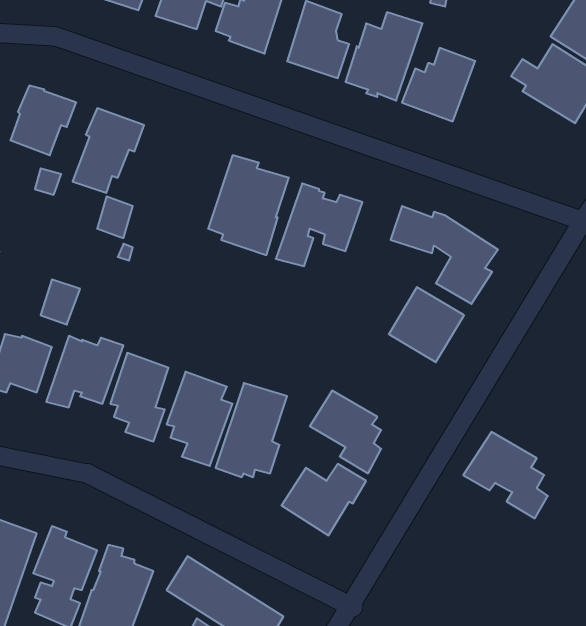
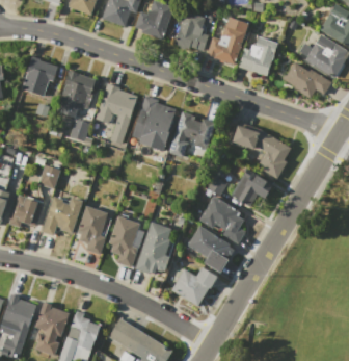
building: none -> [284,62,332,99]
building: none -> [96,83,138,144]
building: [463,432,548,518] -> [198,196,245,243]

